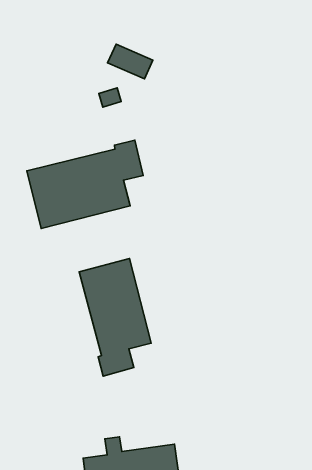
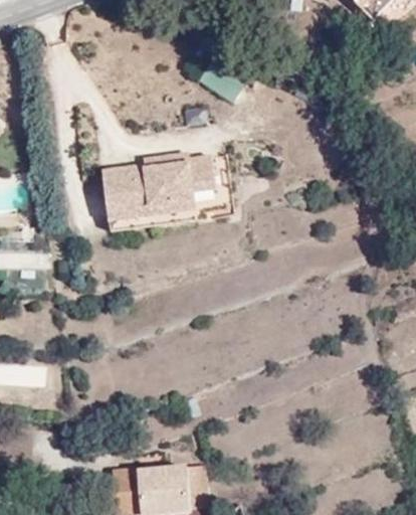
building: [79,258,151,376] -> none

